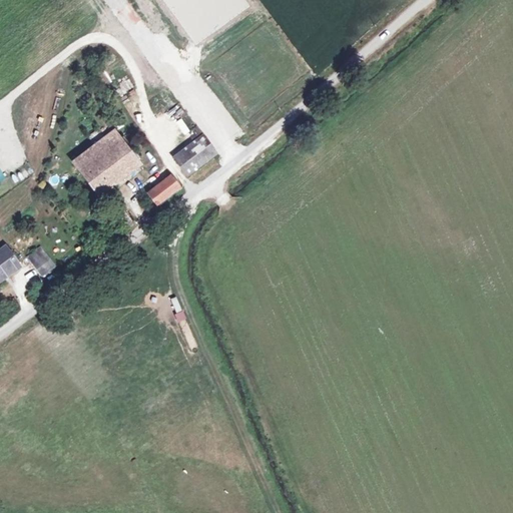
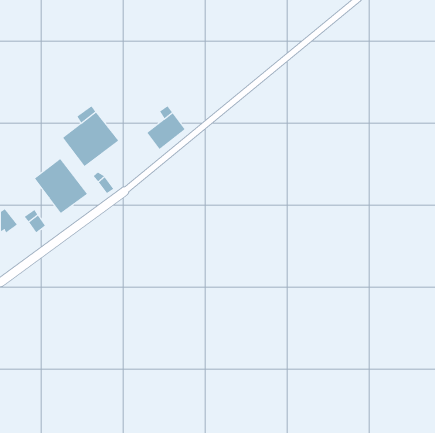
building: [149,175,179,203] -> none
building: none -> [34,158,88,214]

